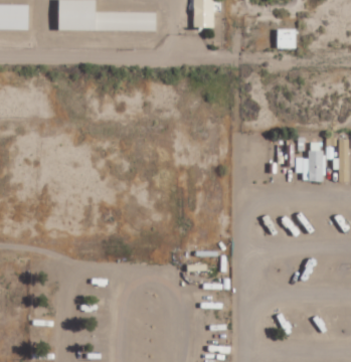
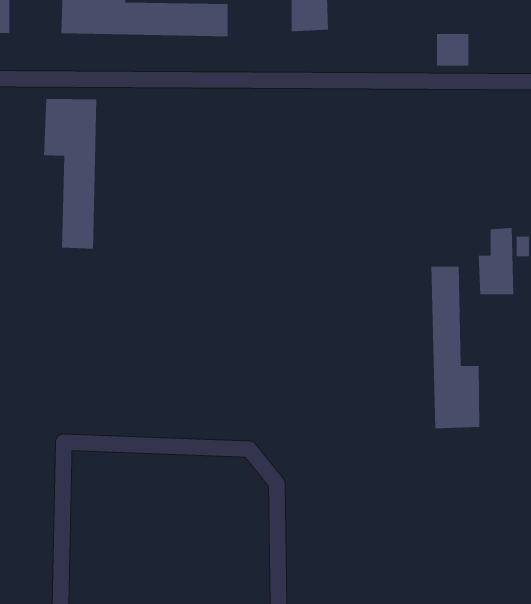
building: none -> [43,98,97,250]
building: none -> [431,266,480,429]

